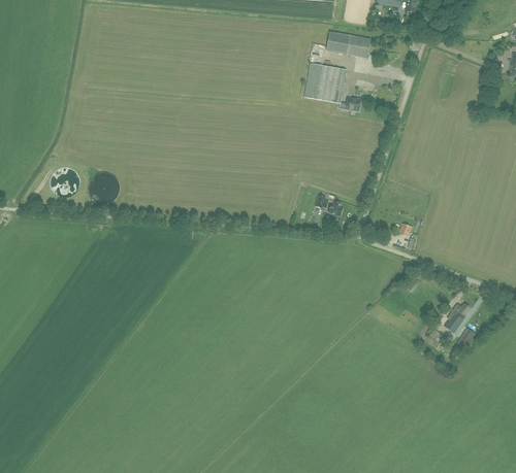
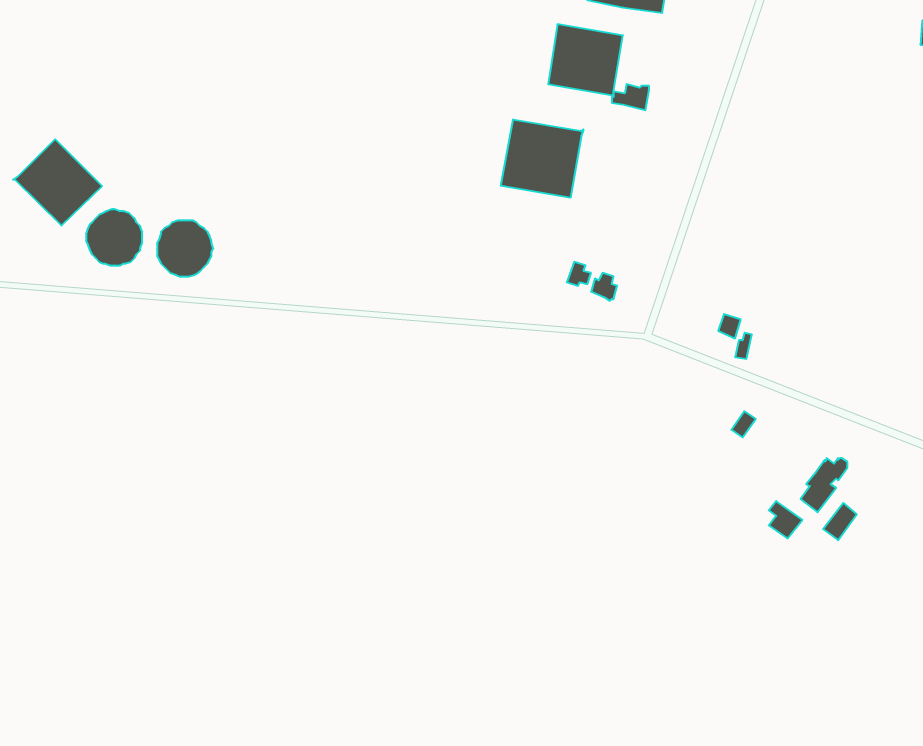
building: none -> [501,119,583,198]
building: none -> [13,139,102,226]

